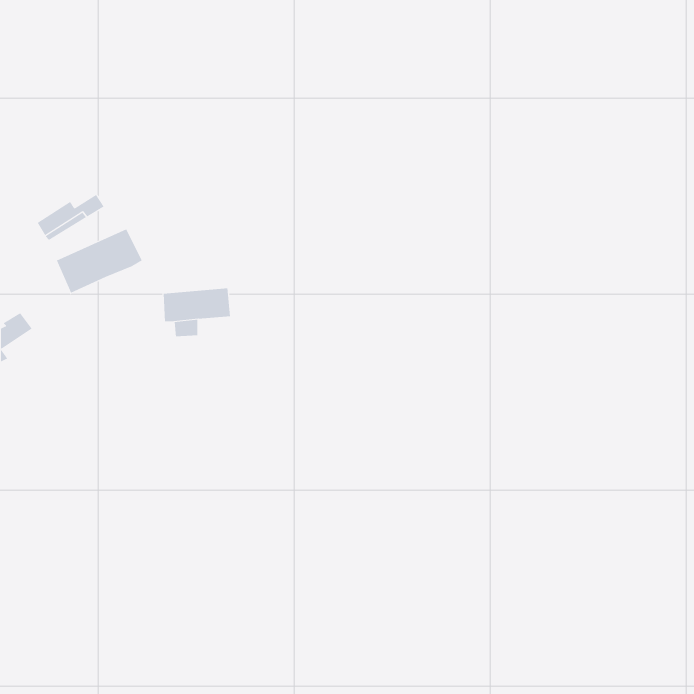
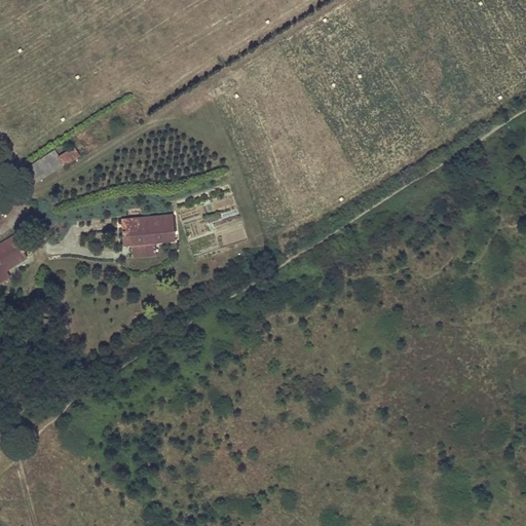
building: [56,228,143,294] -> none

